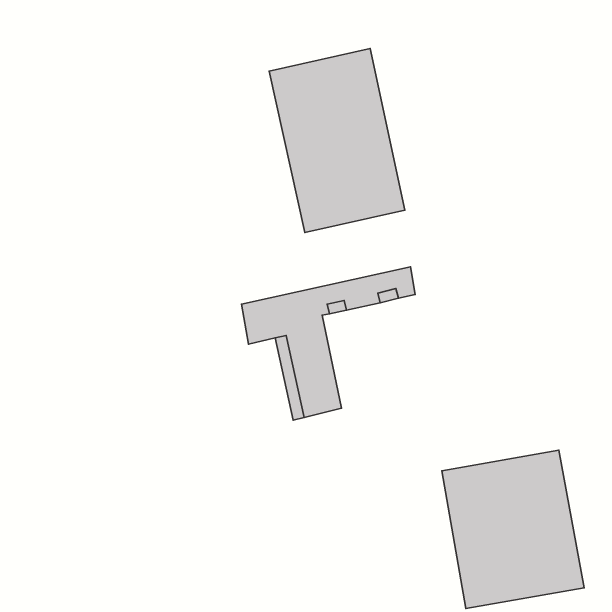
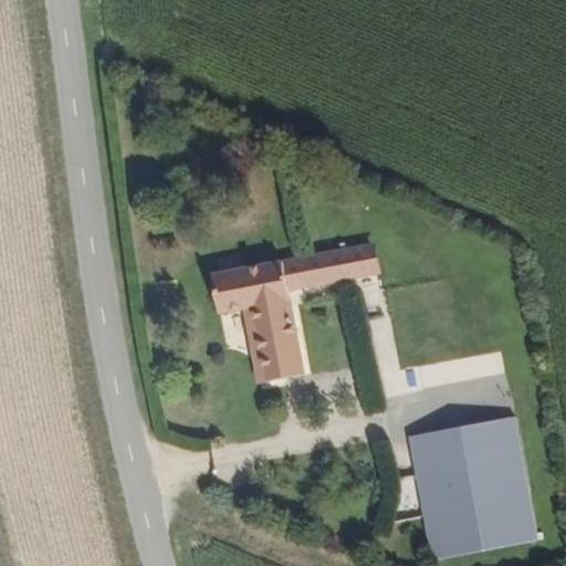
building: [269,48,405,232] -> none

